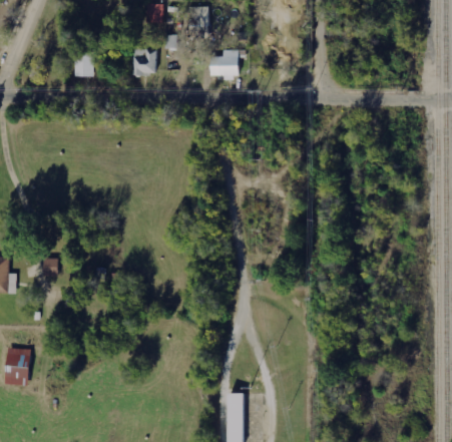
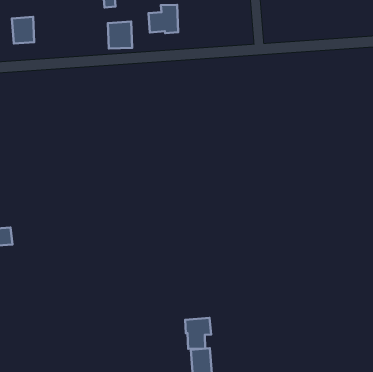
building: [132,50,156,76] -> [108,22,132,49]
building: none -> [185,318,211,349]

